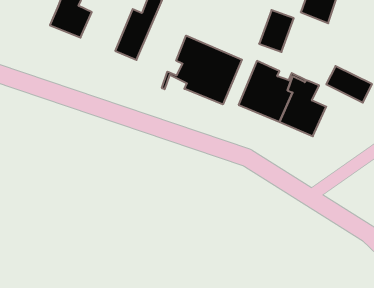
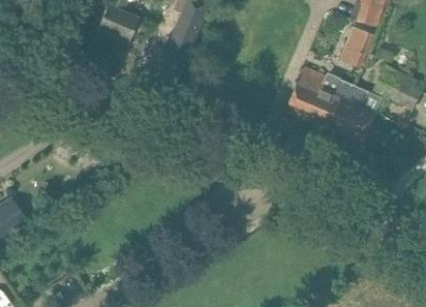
building: [259,10,294,52] -> [339,26,374,68]
building: [162,36,242,104] -> none

